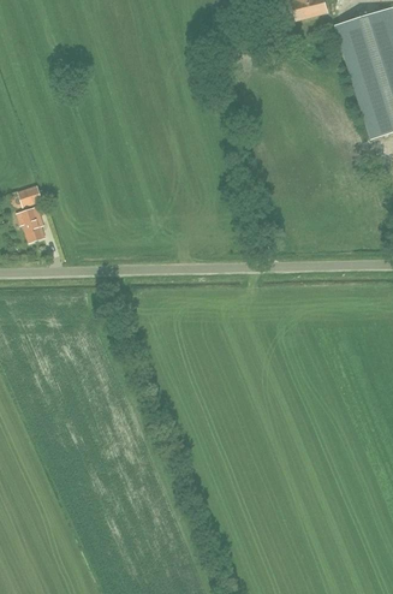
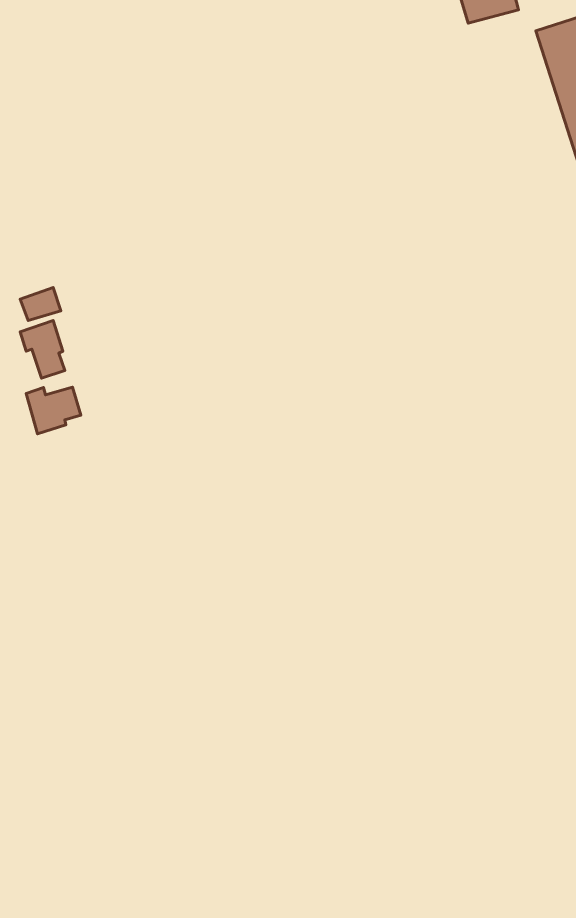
building: none -> [26,387,81,434]

